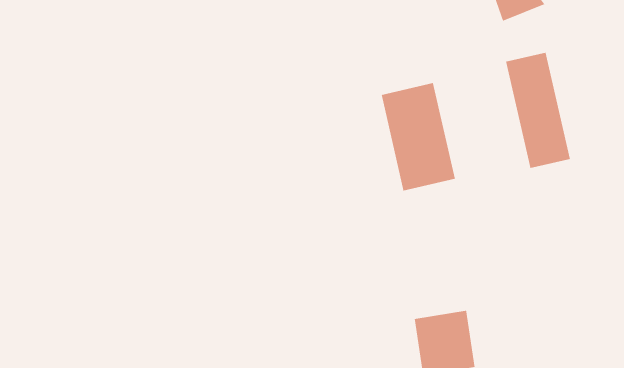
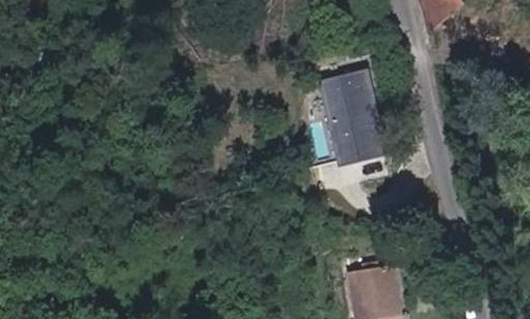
building: [505,52,571,169] -> none

